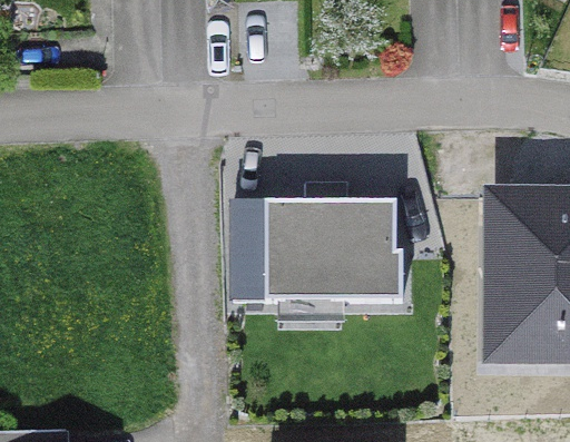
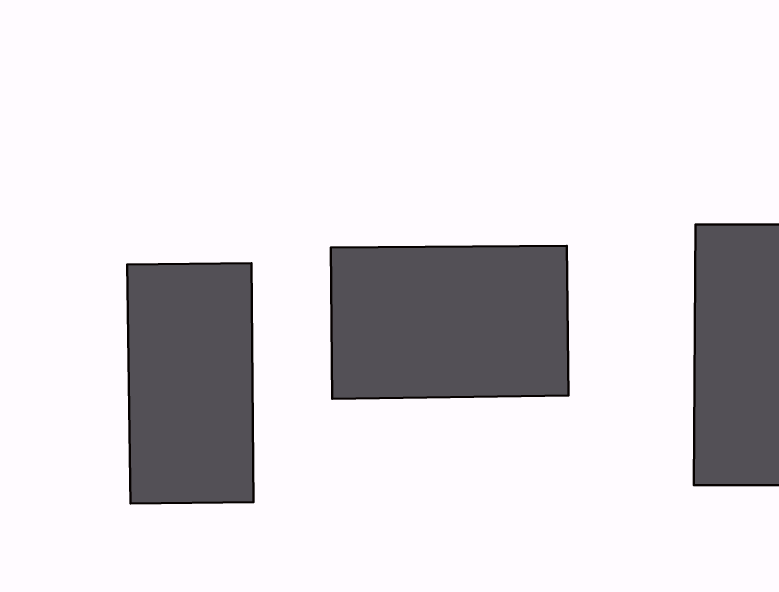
building: none -> [127,263,254,503]

